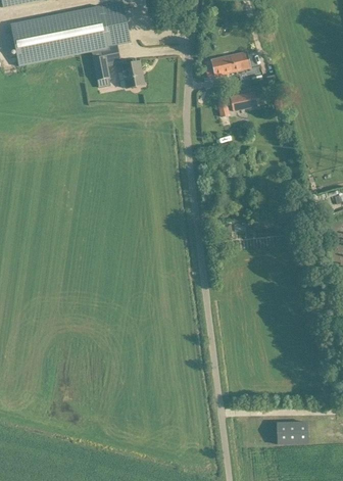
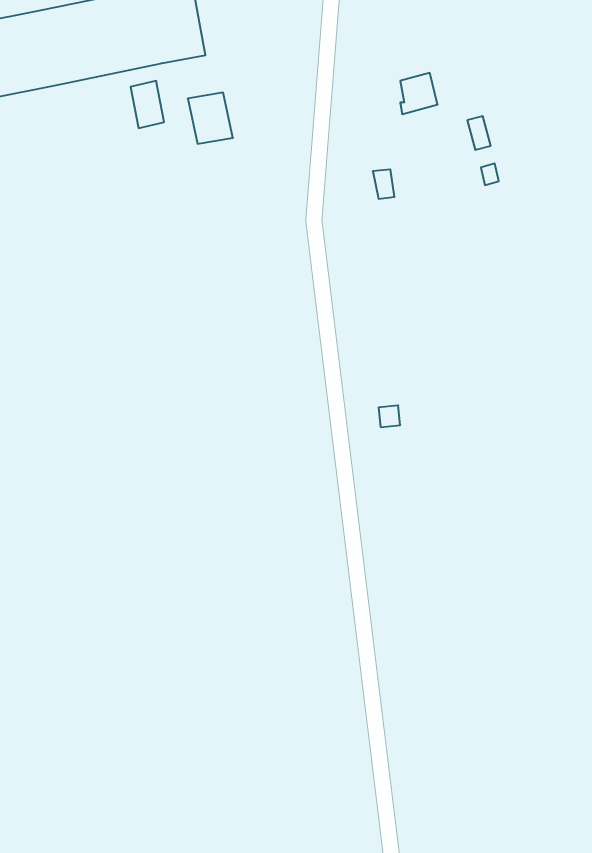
building: [204,54,234,77] -> none
building: [230,91,259,110] -> none
building: [277,421,308,443] -> none

